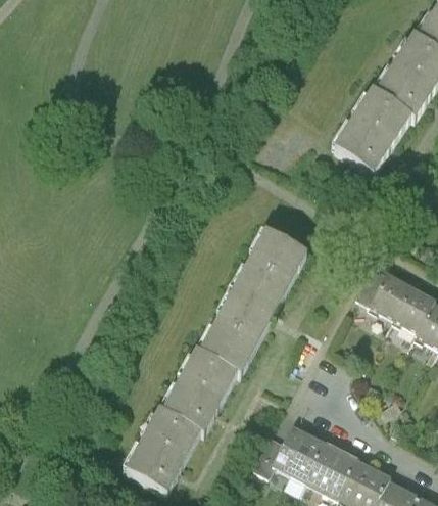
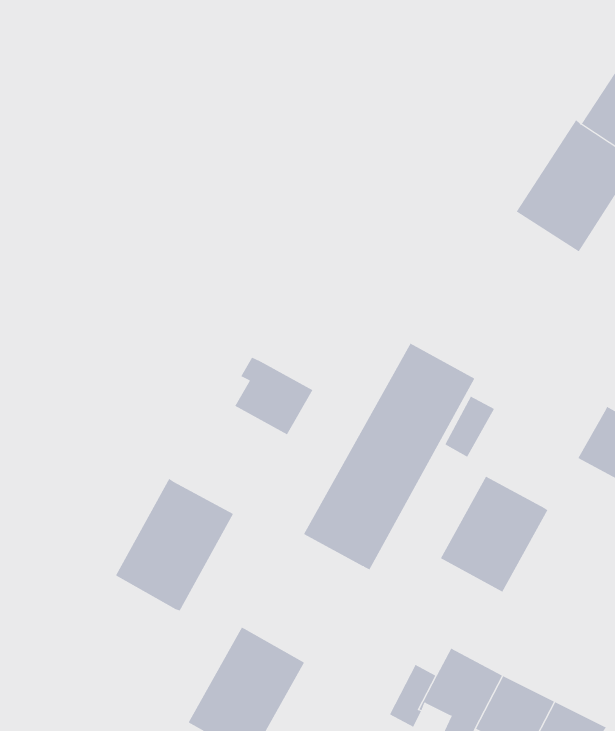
building: none -> [235,357,313,435]
building: [354,268,386,307] -> [445,396,495,457]
building: none -> [440,476,548,593]
building: [159,353,234,436] -> [115,478,234,611]

